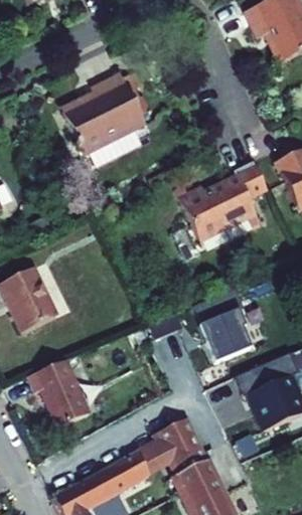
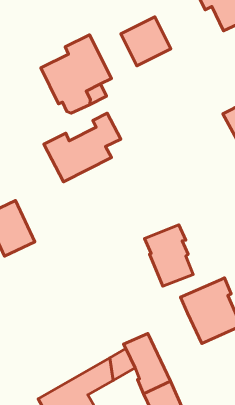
building: none -> [121,17,171,66]
building: [178,160,270,242] -> [44,113,121,182]
building: [27,358,90,425] -> none

